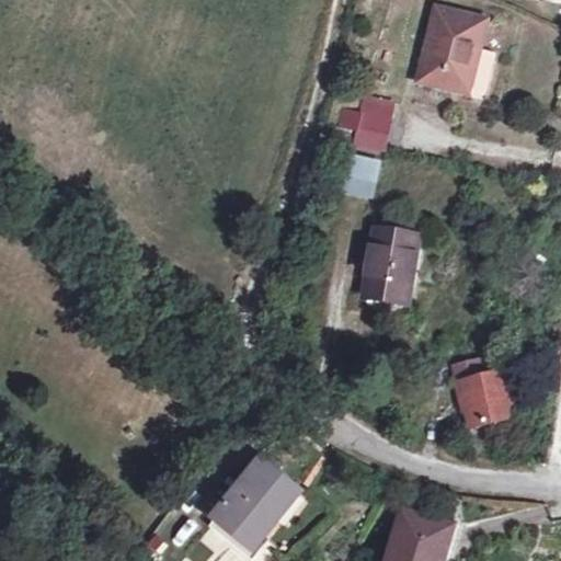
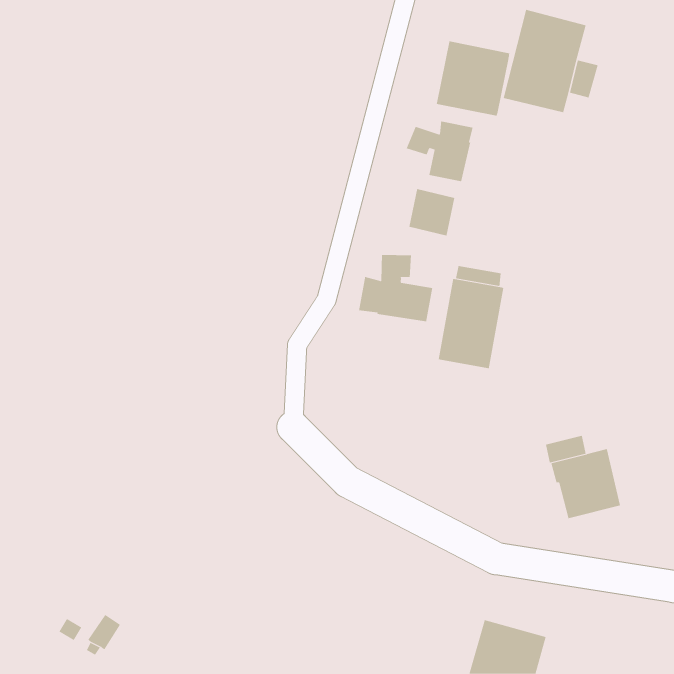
building: none -> [436,41,510,117]
building: none -> [359,254,433,322]
building: [211,459,297,549] -> none

